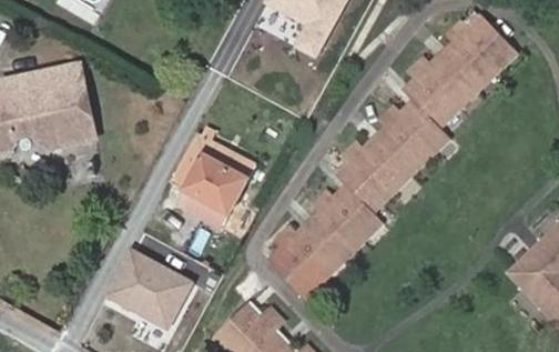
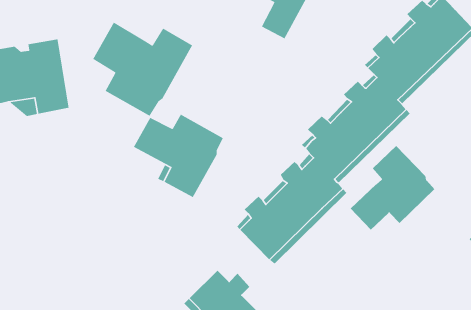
building: none -> [92,22,193,117]
building: none -> [350,145,435,230]
building: [105,248,192,328] -> none

